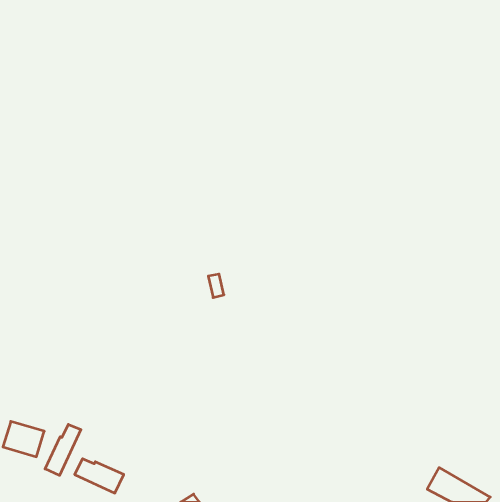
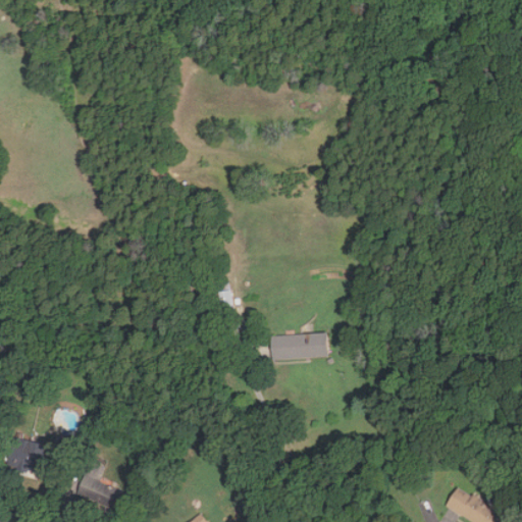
building: none -> [269,333,327,360]
building: [45,424,81,475] -> none

